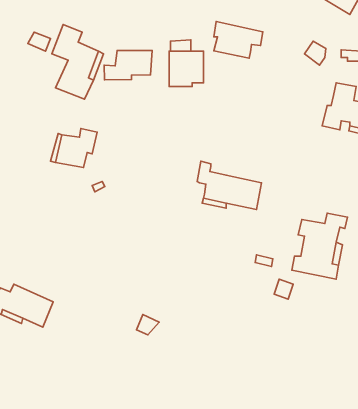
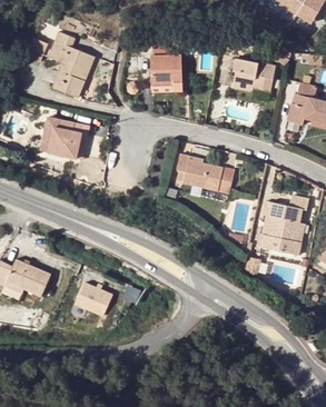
building: [214,22,263,58] -> [233,58,276,90]
building: [104,50,152,80] -> none
building: none -> [76,284,112,317]

